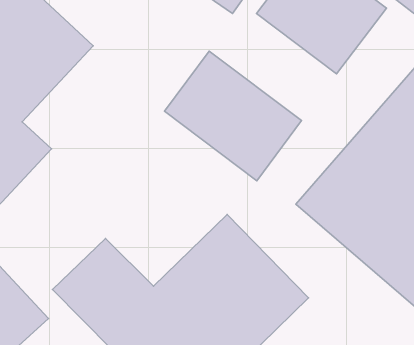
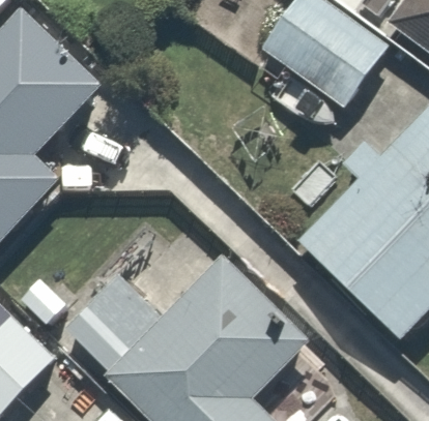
building: [165,51,302,181] -> none

